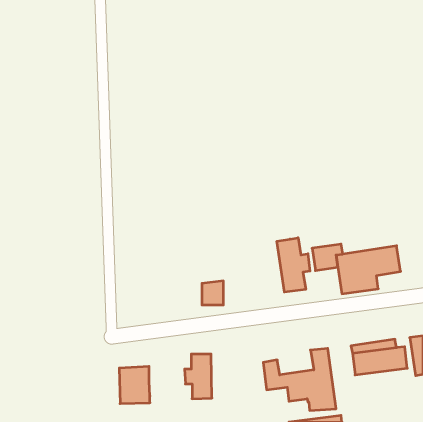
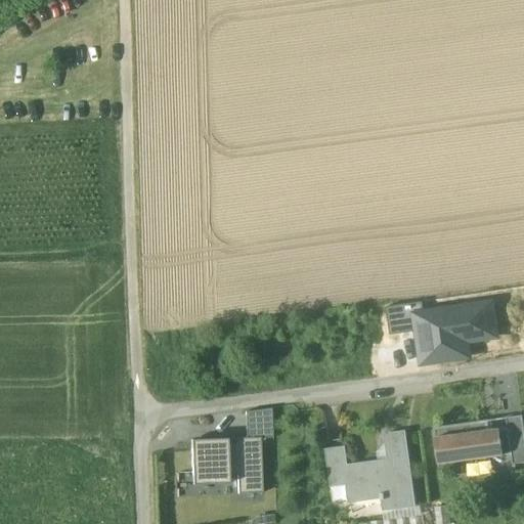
building: [277,238,310,292] -> none
building: [202,281,223,305] -> [246,408,272,438]
building: [119,366,150,404] -> [191,438,229,484]

